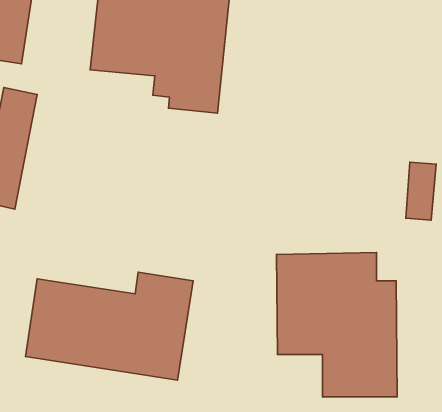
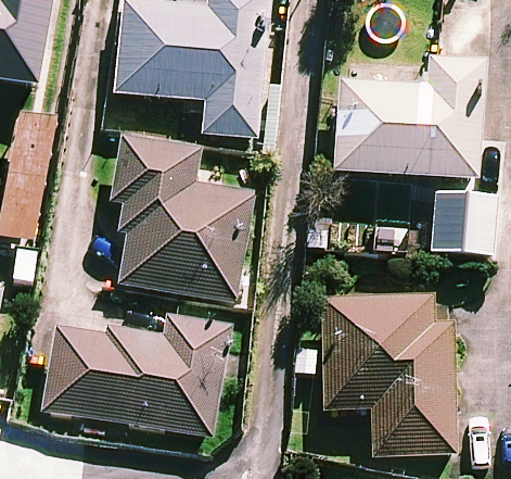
building: none -> [334,58,483,177]
building: none -> [111,137,253,301]

